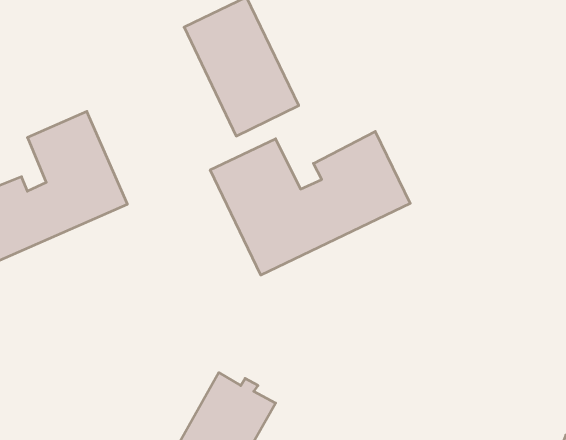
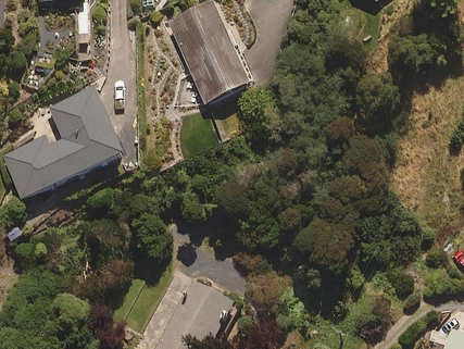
building: [210,131,410,275] -> none

